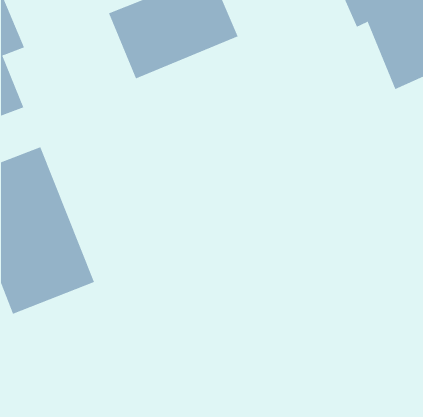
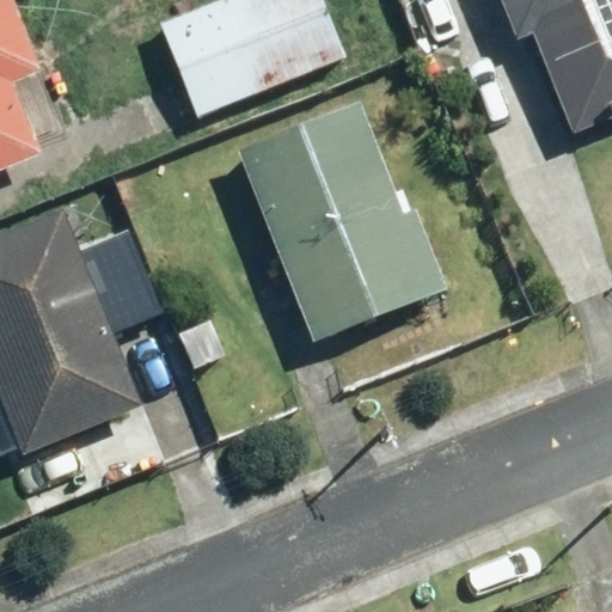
building: none -> [237,103,446,339]

